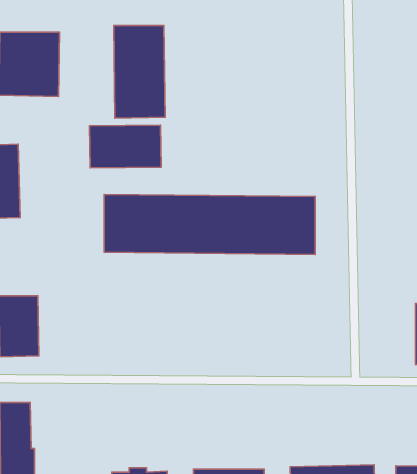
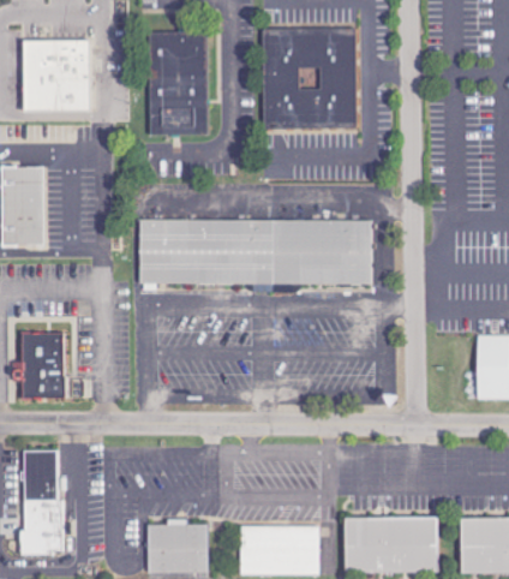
building: none -> [262,28,357,126]
building: [89,125,161,168] -> none

